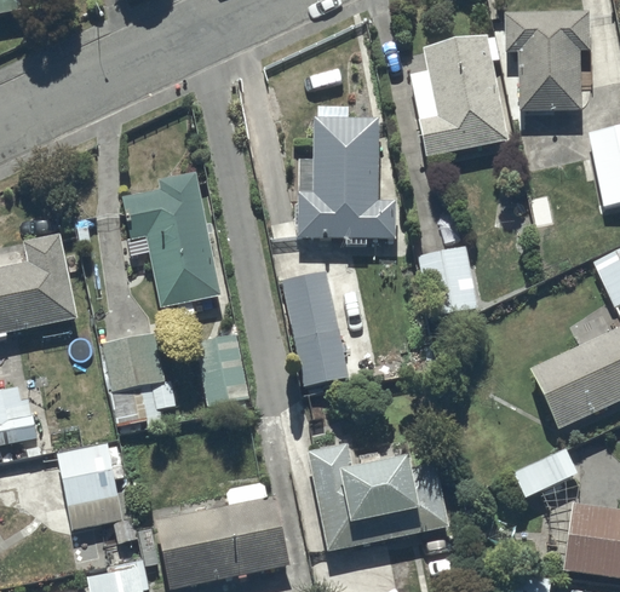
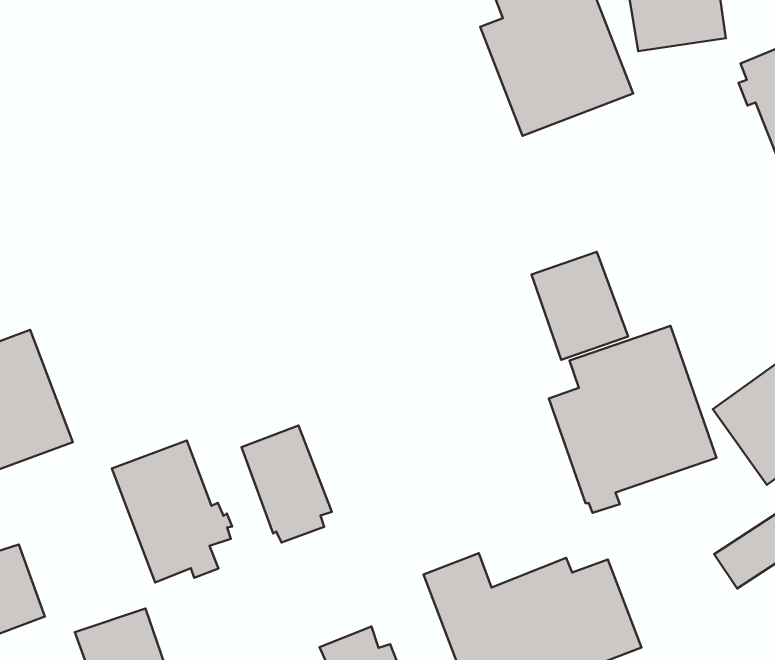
building: [294,104,395,243] -> none
building: [121,172,220,309] -> none
building: [281,270,349,386] -> none
building: none -> [549,326,716,513]

